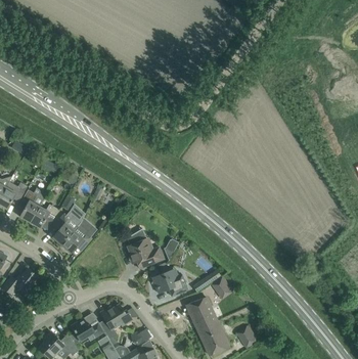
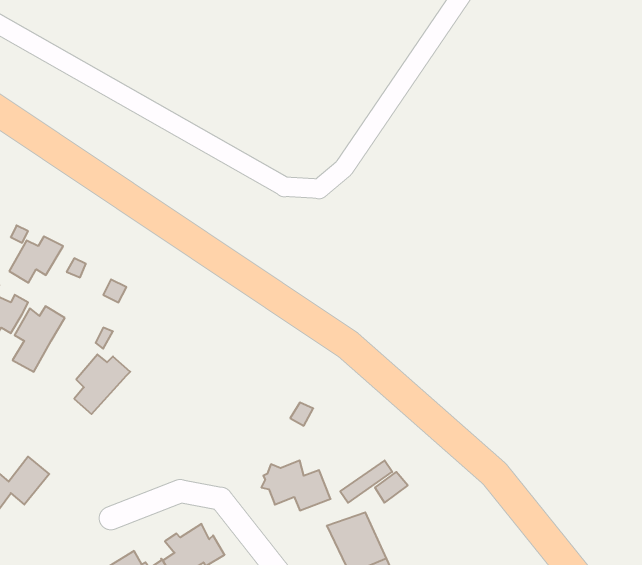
building: [31,205,59,229] -> [9,236,63,283]
building: [61,225,92,254] -> none
building: [127,229,165,269] -> none

